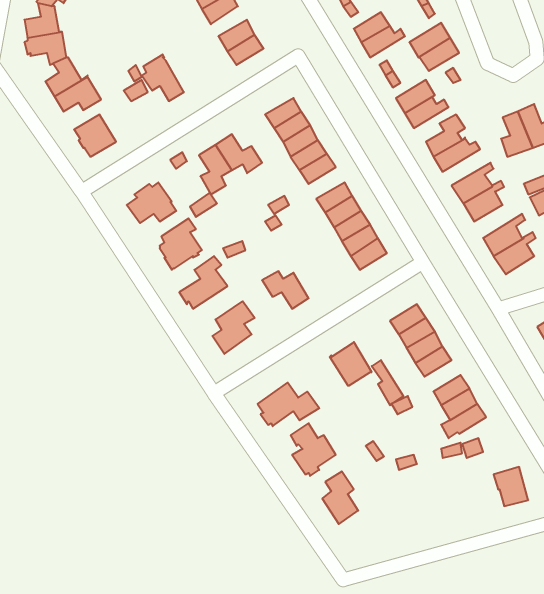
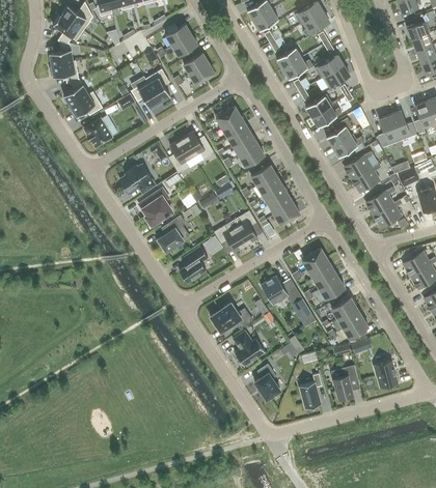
building: none -> [145,68,169,102]
building: none -> [235,209,257,243]
building: none -> [330,365,357,398]
building: none -> [299,373,322,407]

